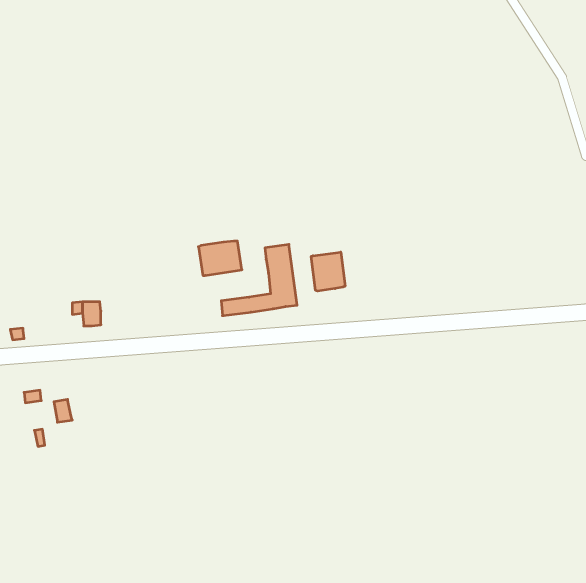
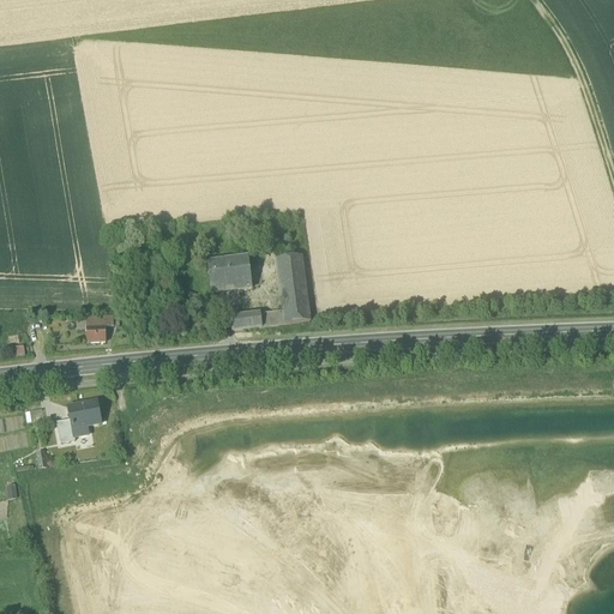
building: [311,252,345,291] -> none
building: none -> [68,399,101,435]

